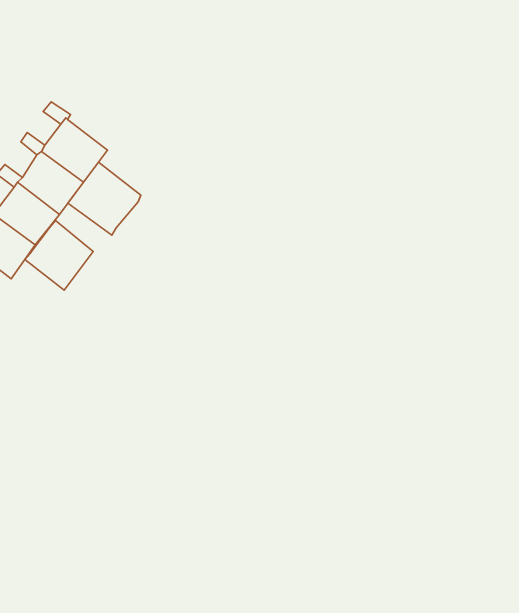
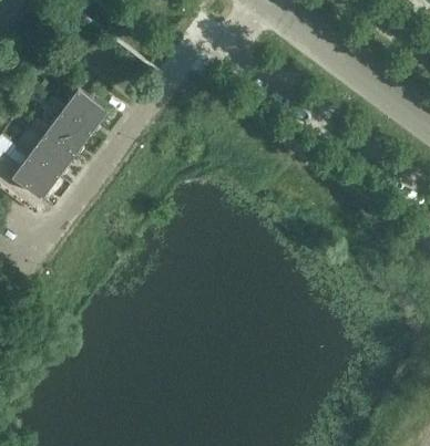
building: [68,162,141,235] -> none
building: [25,220,93,290] -> none

